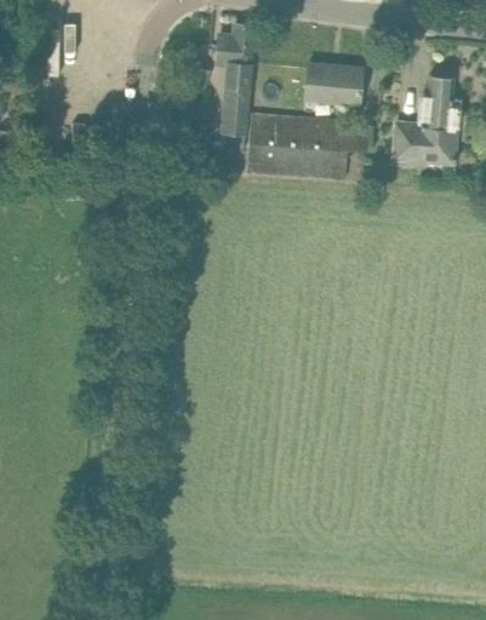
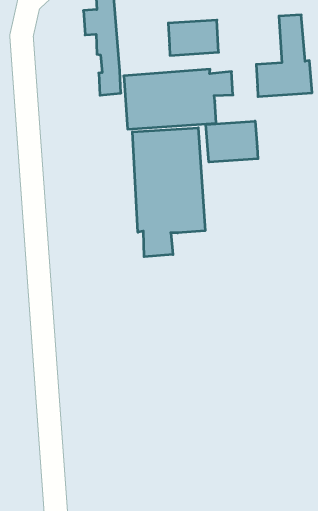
building: none -> [132,128,205,257]
building: none -> [206,121,258,162]

